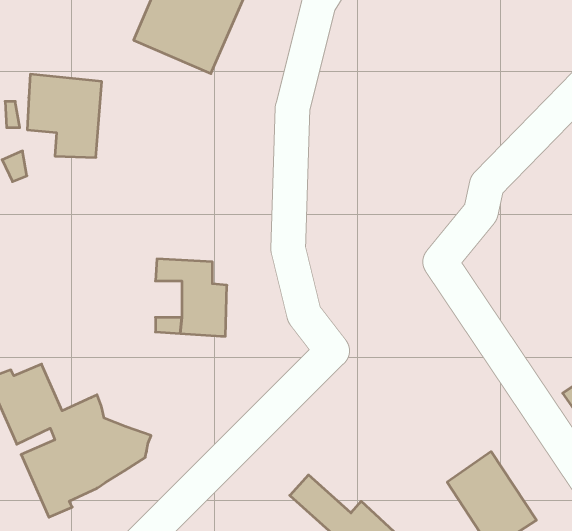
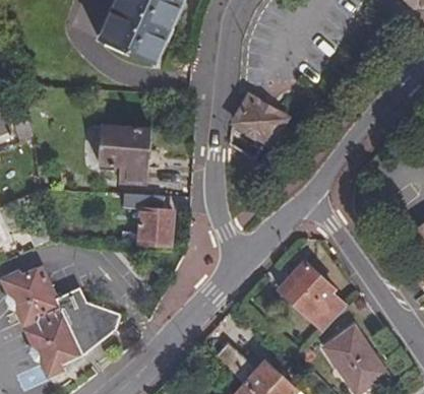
building: [27,74,102,157] -> [99,123,150,181]
building: none -> [235,95,286,142]
building: none -> [279,260,345,330]

